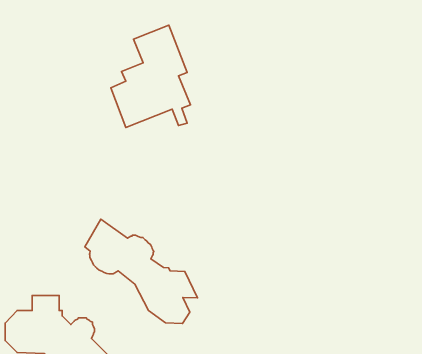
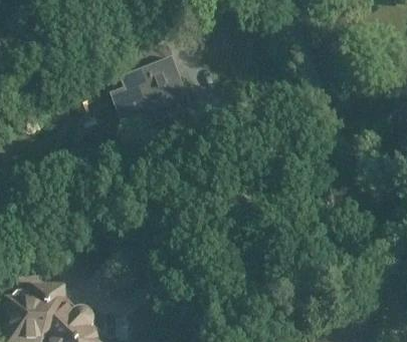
building: [85,219,198,323] -> none

